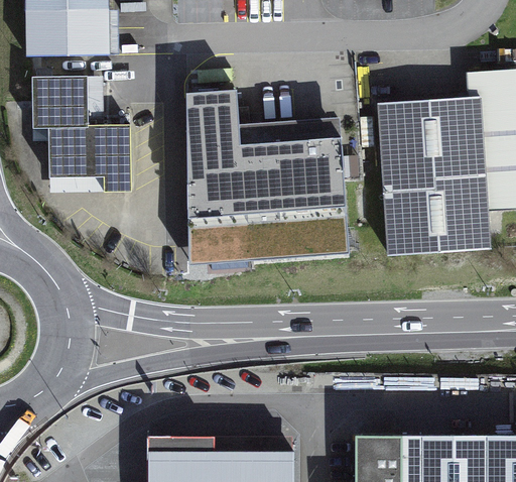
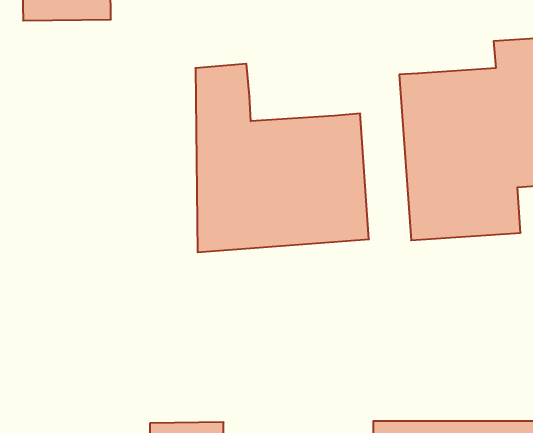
building: [31,84,130,199] -> none
building: [239,122,342,152] -> none

